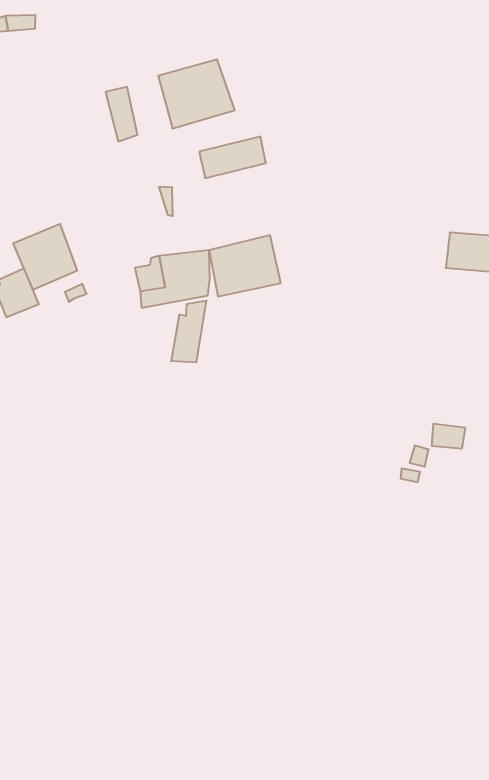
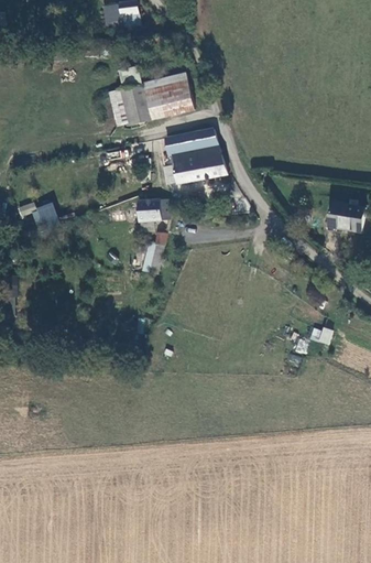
building: none -> [128,83,155,122]
building: [13,224,77,290] -> none
building: [209,235,281,297] -> [174,145,219,183]

